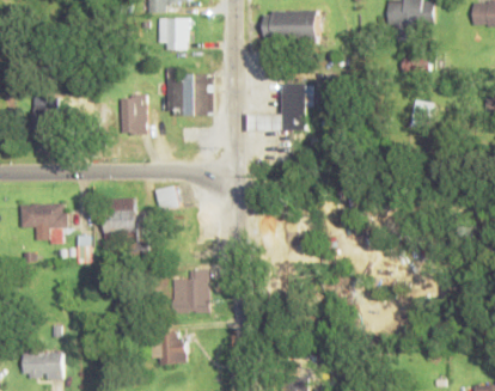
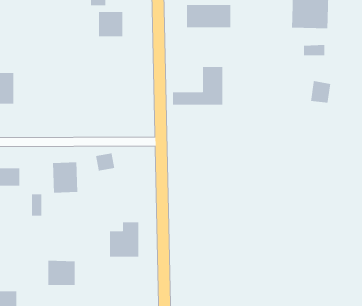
building: [166,73,213,116] -> none
building: [121,97,147,135] -> none
building: [151,332,184,363] -> [47,260,75,286]

